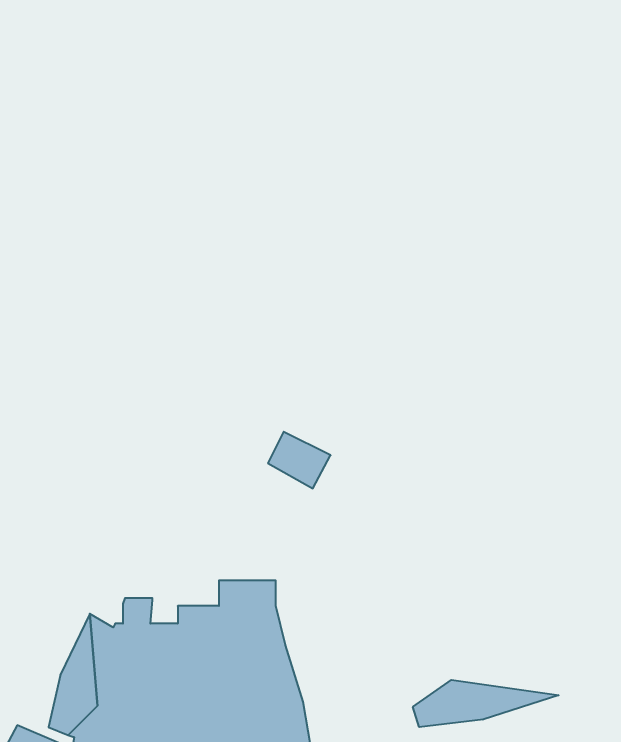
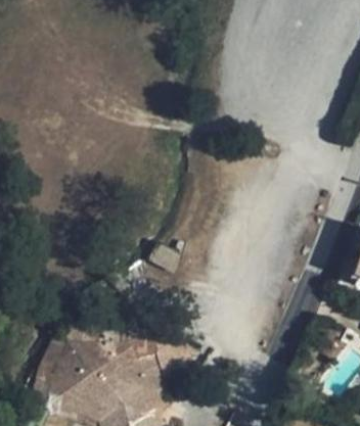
building: [413,680,559,727] -> none

